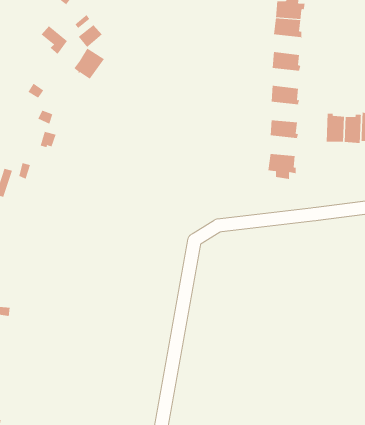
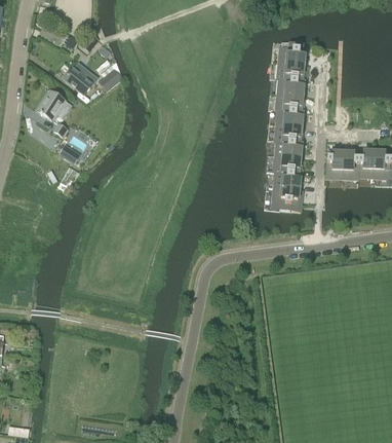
building: none -> [277,77,305,96]
building: [73,48,105,79] -> [36,89,65,118]
building: none -> [276,108,304,126]
building: none -> [275,139,303,157]
building: none -> [273,170,302,188]

